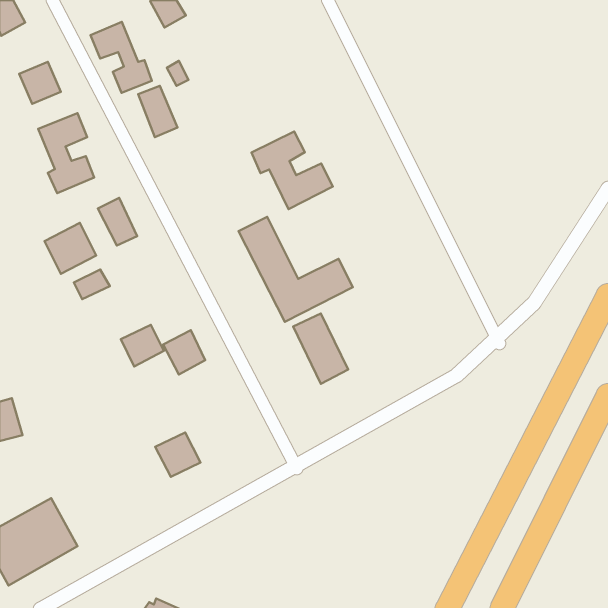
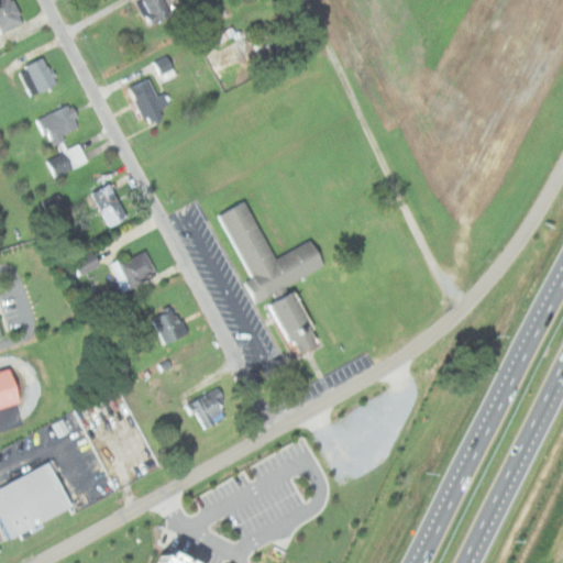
building: [90,22,152,93] -> none
building: [252,132,333,209] -> none
building: [45,223,96,274] -> none
building: [121,325,164,366] -> [118,250,157,288]
building: [155,433,201,477] -> [189,389,231,430]

